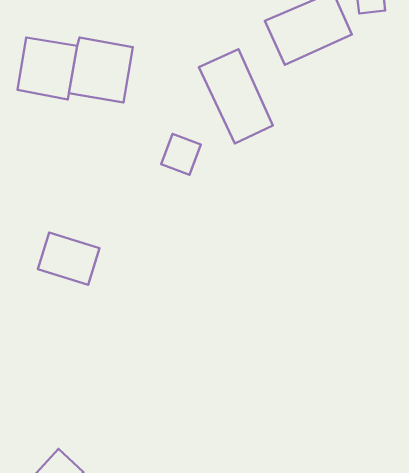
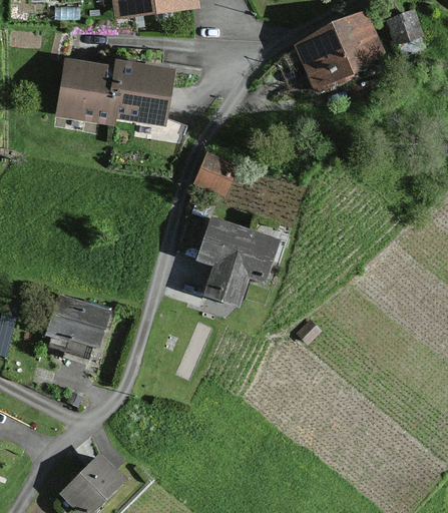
building: [199,49,273,144] -> none
building: none -> [200,218,279,301]
building: [38,233,100,285] -> [48,297,107,347]

